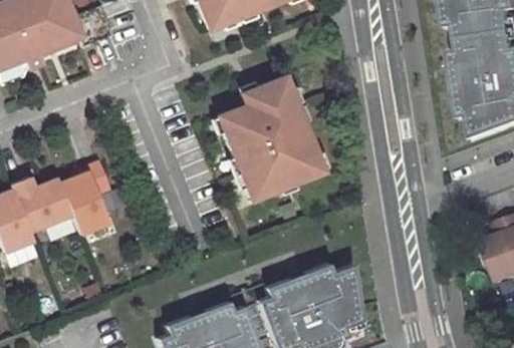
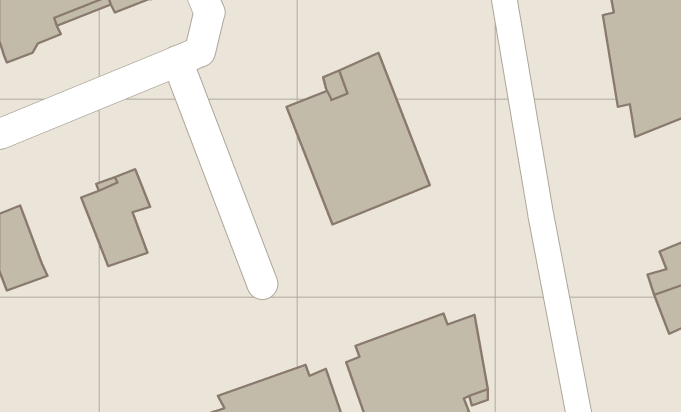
building: [13,178,74,232] -> none

